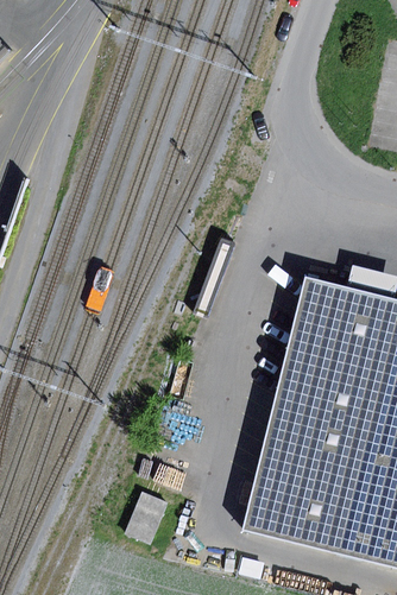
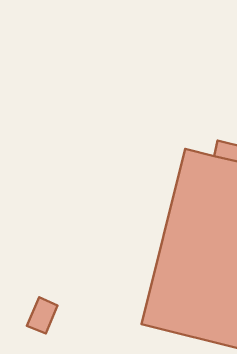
building: [125,492,169,544] -> [27,297,57,333]

